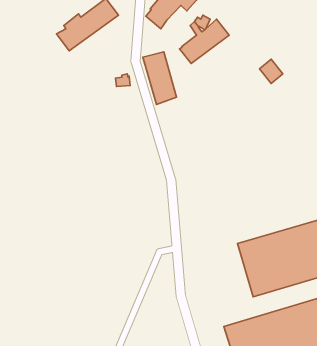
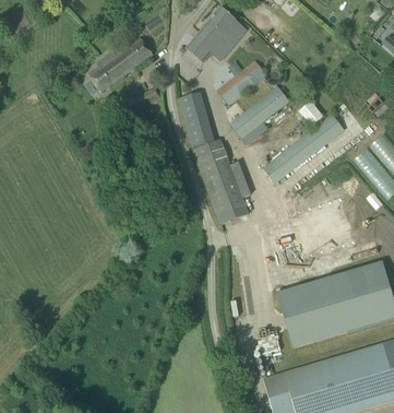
building: none -> [229,83,289,145]
building: none -> [262,114,345,186]
building: none -> [193,140,251,223]

